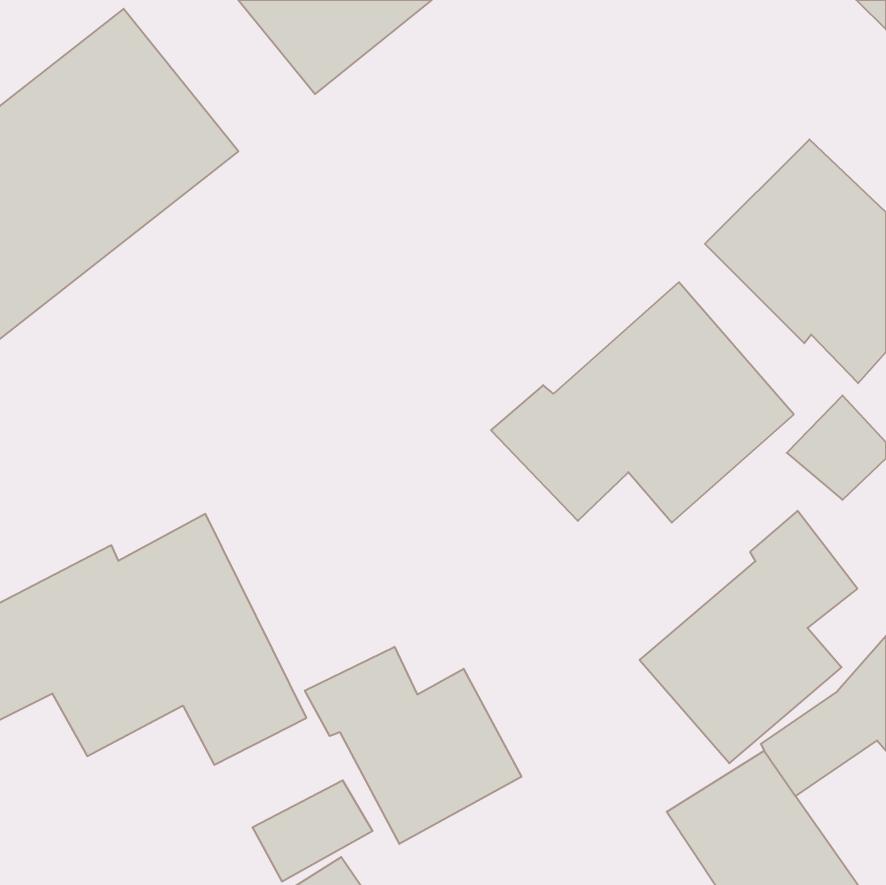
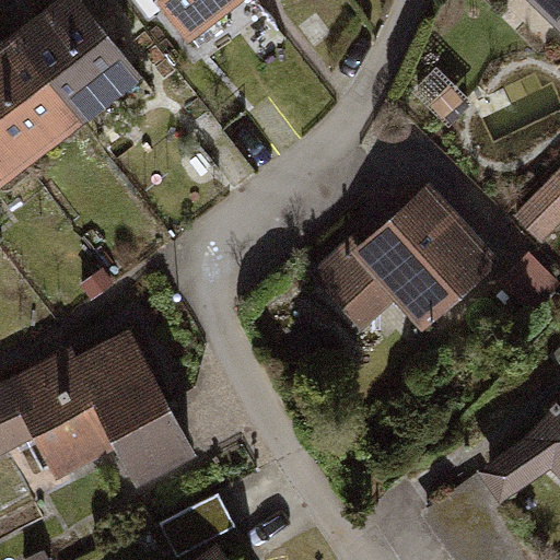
building: [640,511,857,763] -> none
building: [305,647,521,844] -> none

